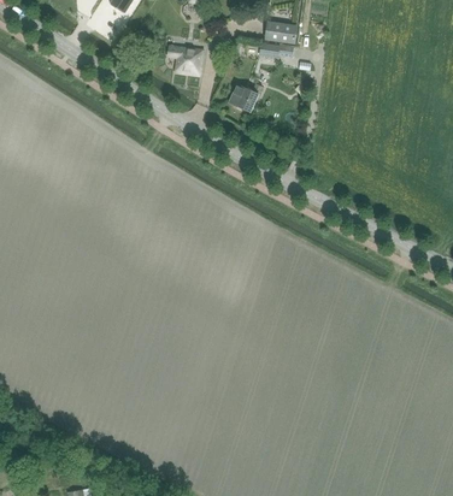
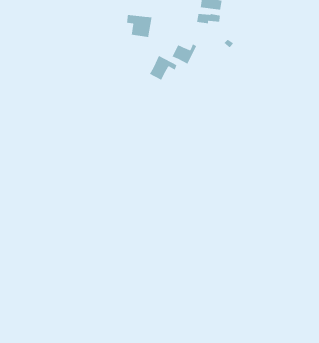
building: none -> [149,55,177,81]

